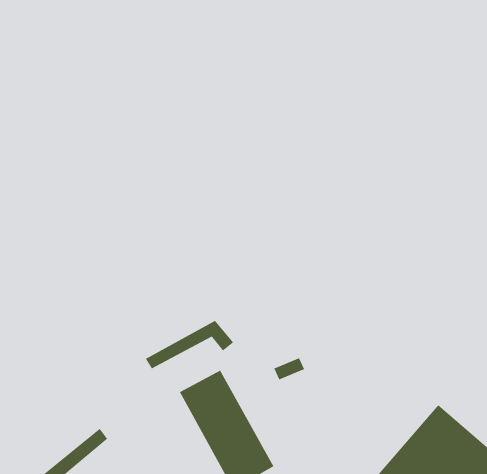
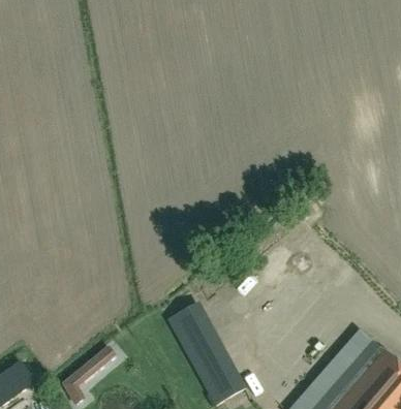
building: [145,320,234,370] -> none

